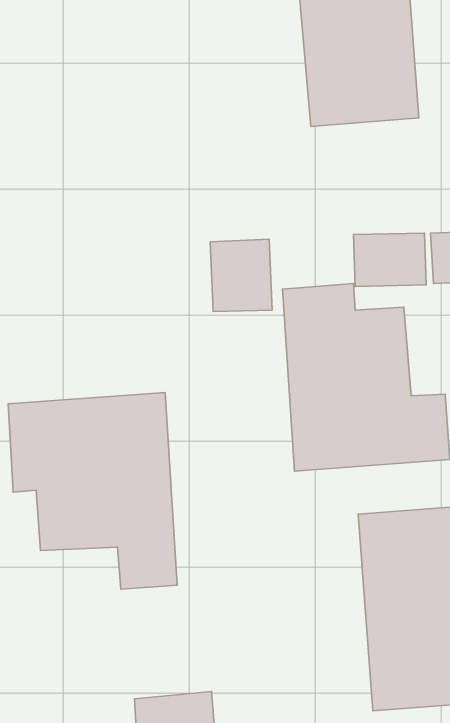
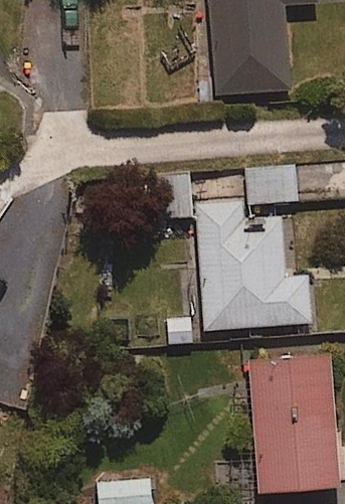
building: [8,392,177,589] -> none

